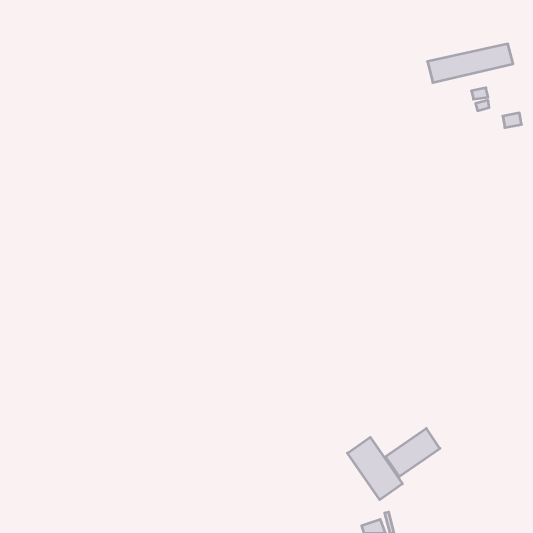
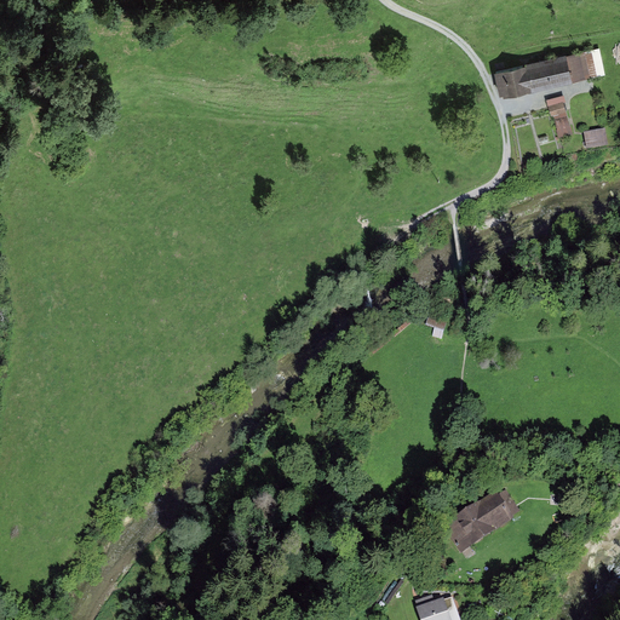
building: [347,437,402,500] -> none

